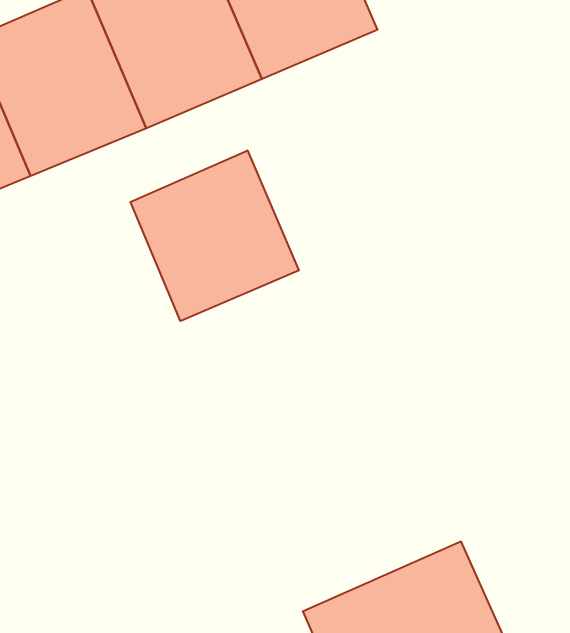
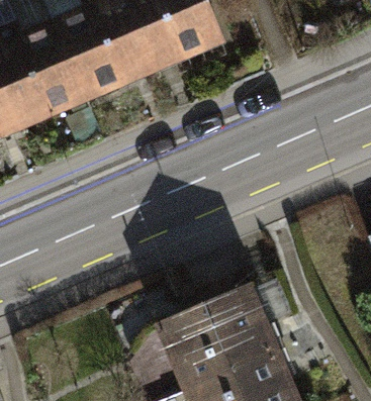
building: [130,150,299,321] -> none
building: none -> [155,283,277,387]

